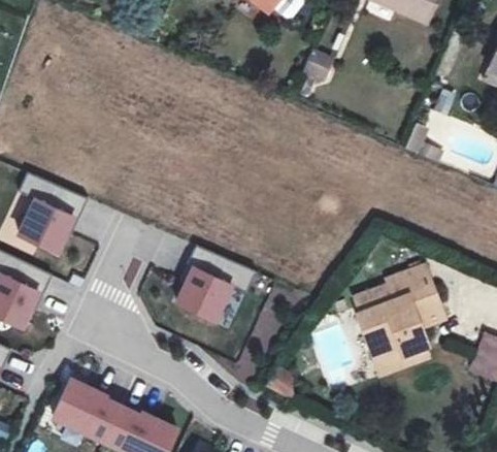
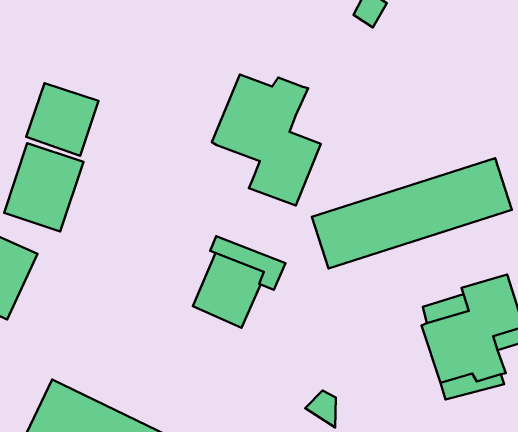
building: none -> [212,75,321,205]
building: none -> [26,83,99,156]
building: none -> [312,158,512,268]

